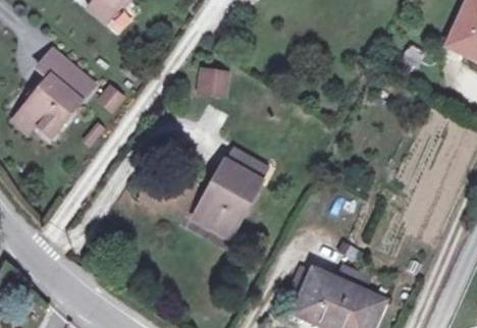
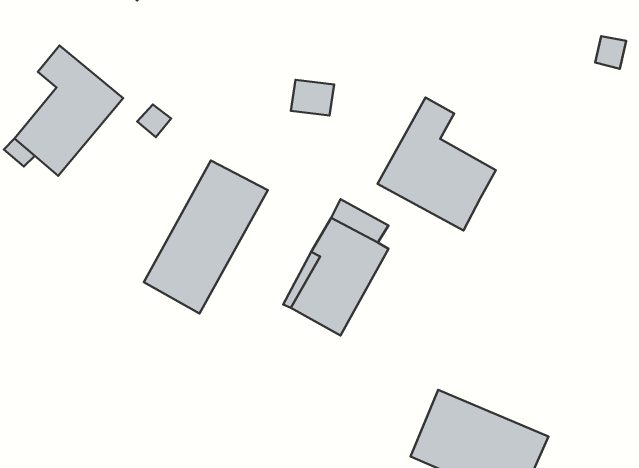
building: none -> [378,97,496,230]
building: none -> [144,160,268,313]

